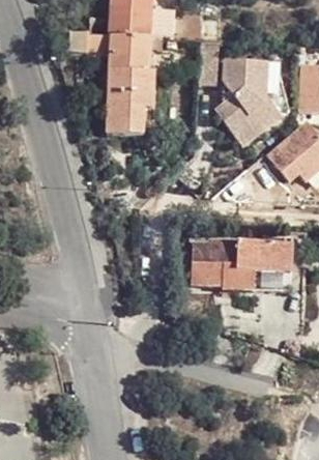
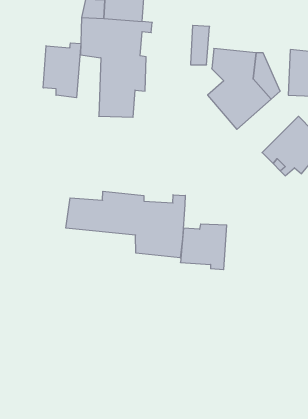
building: none -> [43,43,81,98]
building: none -> [66,191,185,258]
building: [232,241,283,288] -> none

